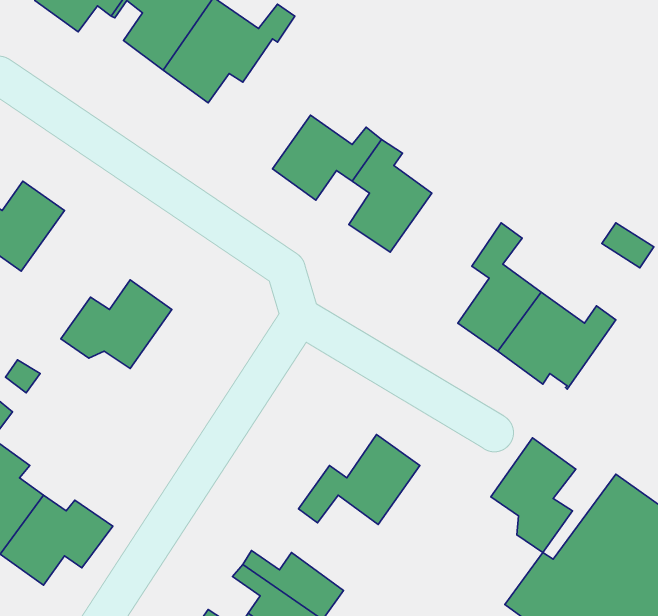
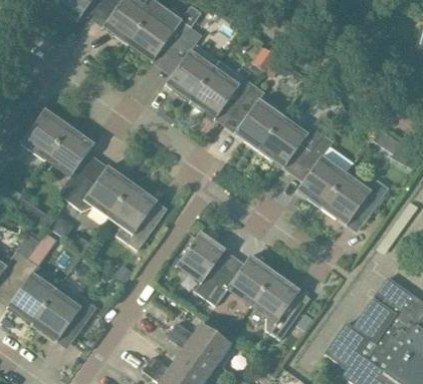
building: none -> [166,25,212,100]
building: none -> [258,114,323,167]
building: none -> [44,124,94,199]
building: none -> [108,181,158,250]
building: none -> [176,231,226,297]
building: [491,438,576,552] -> [251,272,300,338]

